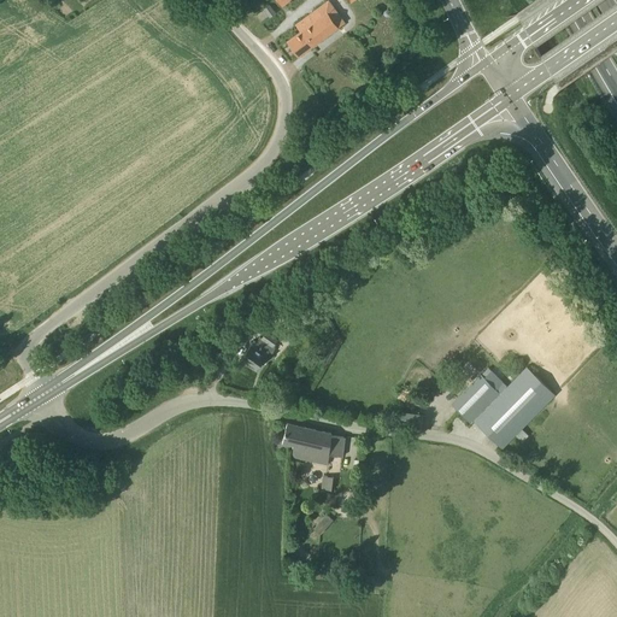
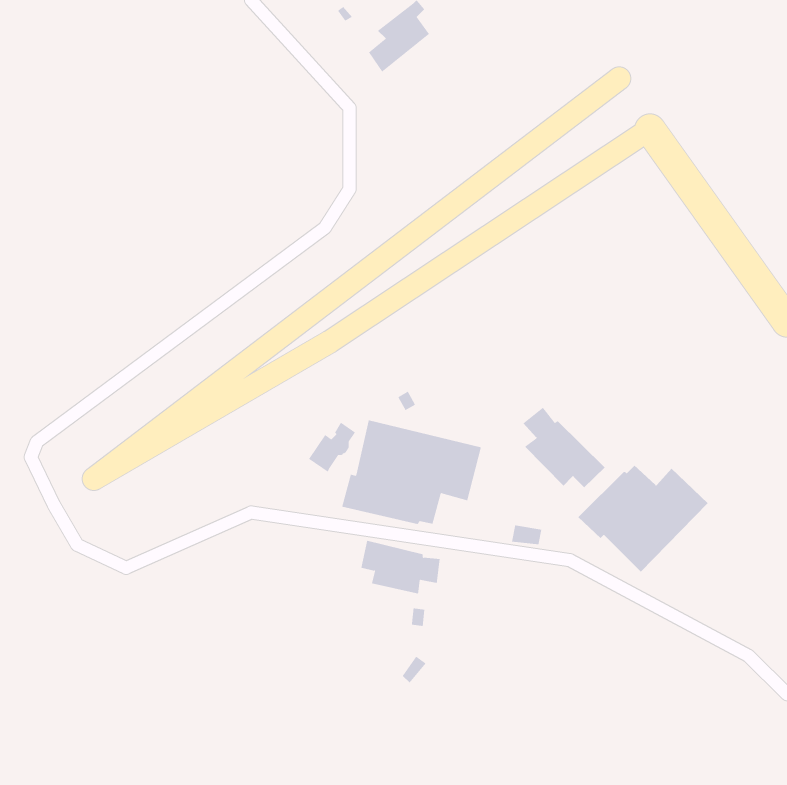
building: none -> [523,407,606,488]
building: none -> [342,419,481,525]

